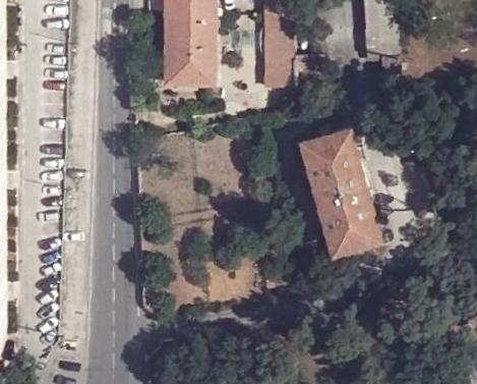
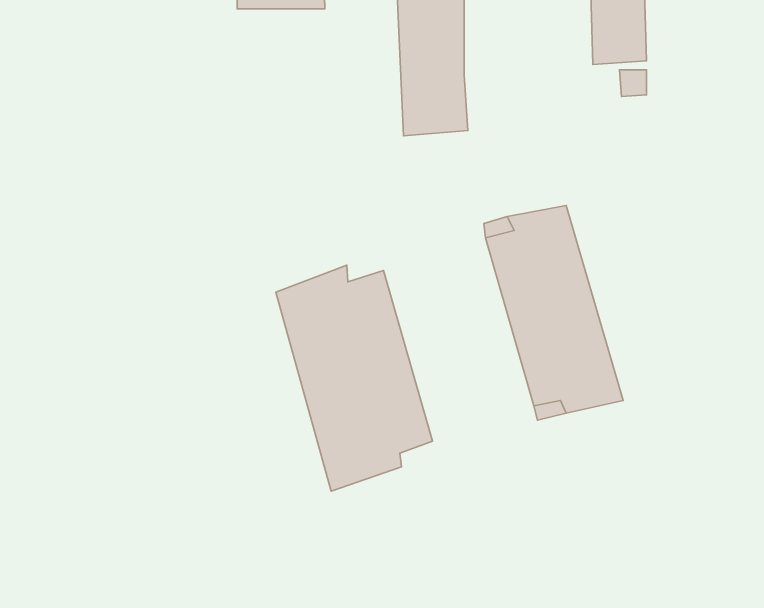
building: [163,22,213,90] -> none
building: none -> [276,265,433,491]

